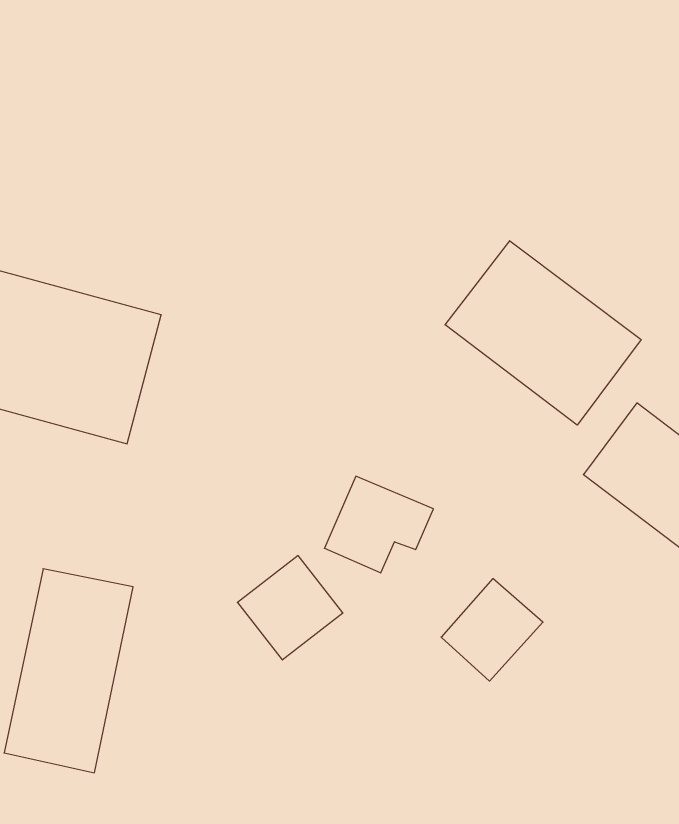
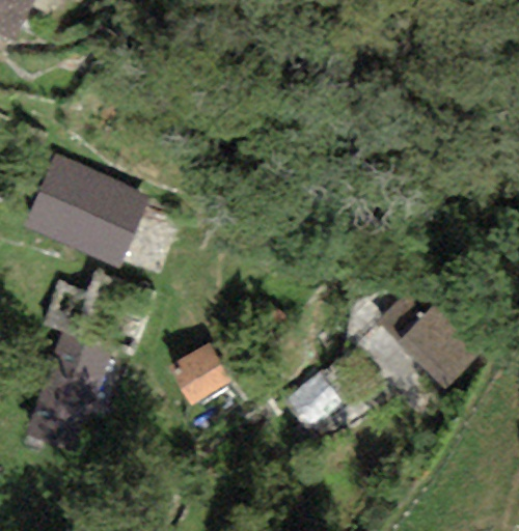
building: [445,241,641,425] -> none

